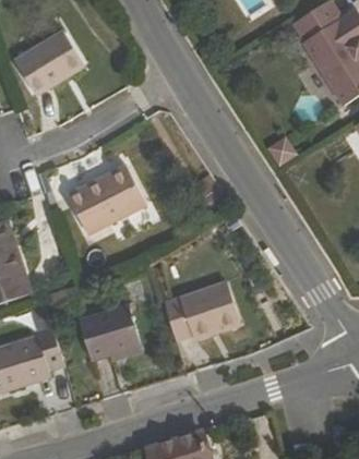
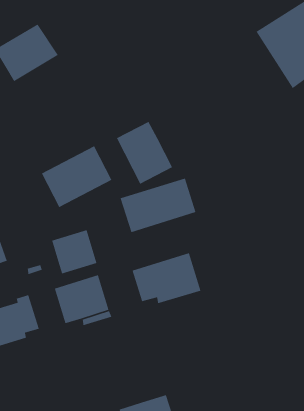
building: none -> [116,121,173,185]
building: none -> [120,177,197,233]
building: none -> [51,229,97,274]

